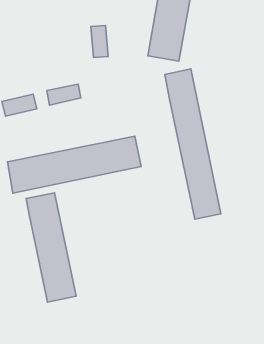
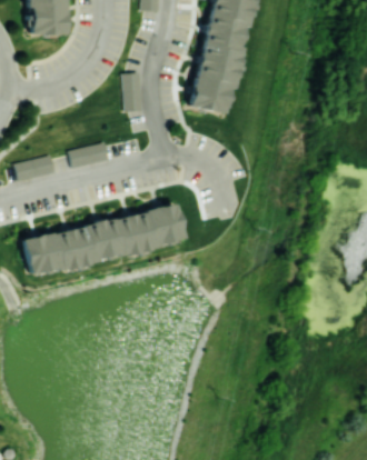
building: [165,69,221,219] -> none
building: [26,193,76,302] -> none

